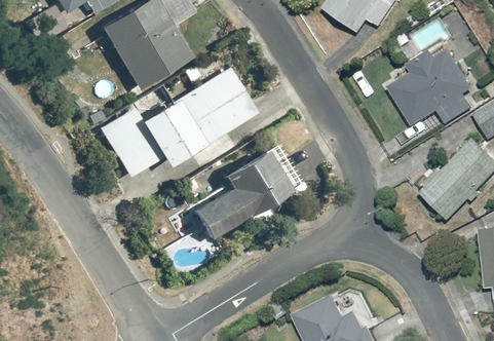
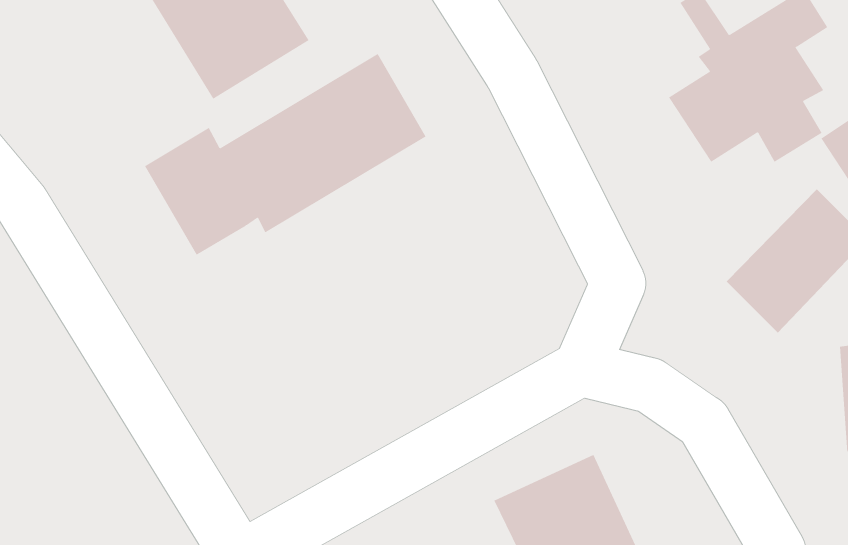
building: [192,148,289,239] -> none

